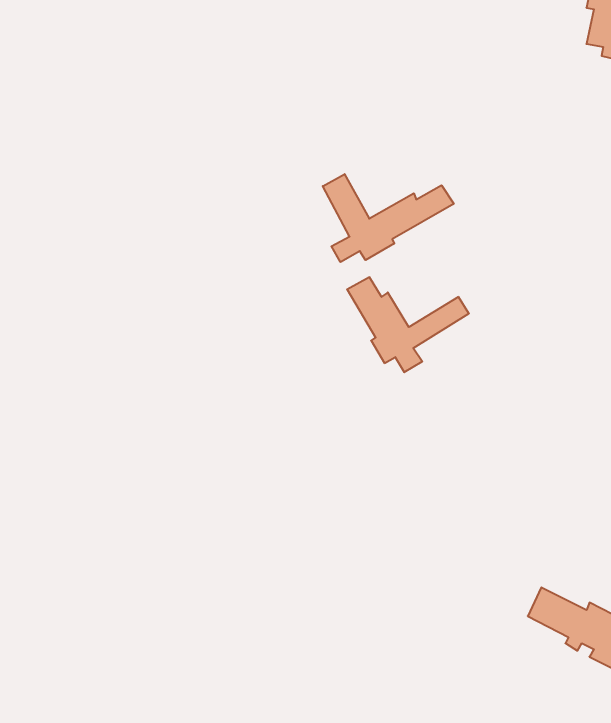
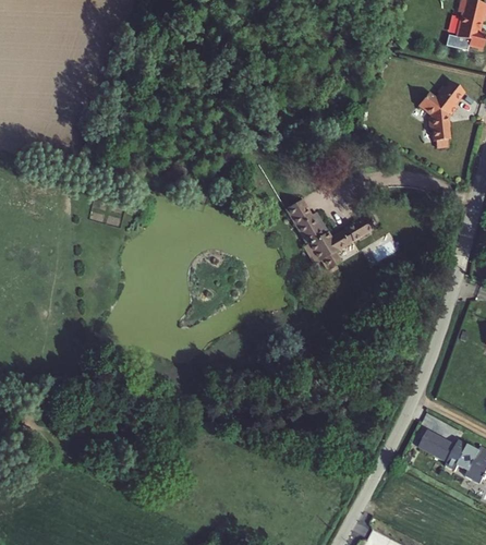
building: none -> [417,83,463,148]
building: [323,174,454,262] -> none

